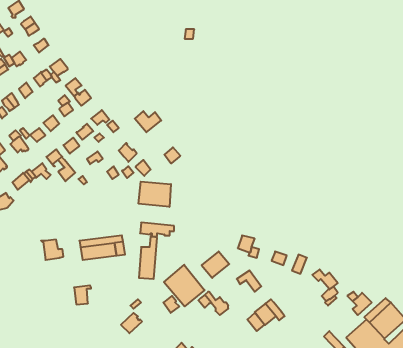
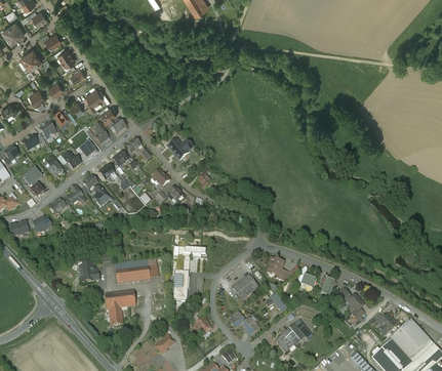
building: [139,182,171,207] -> none
building: [164,265,205,306] -> none
building: none -> [104,291,135,311]

